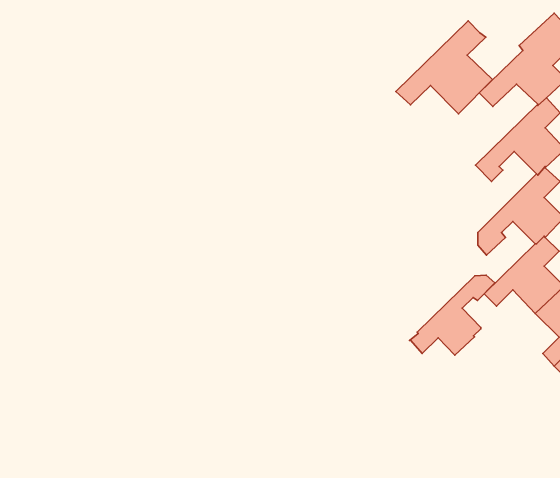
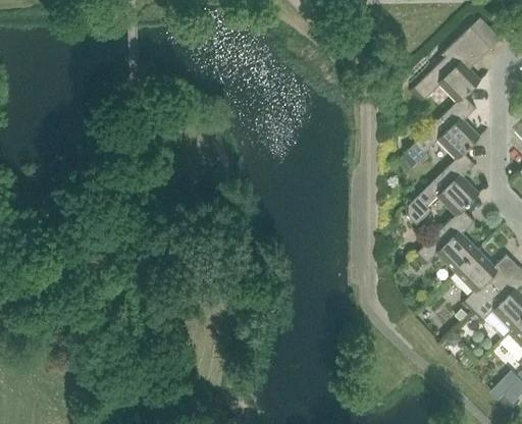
building: [396,21,492,114] -> none
building: [410,275,495,355] -> none

